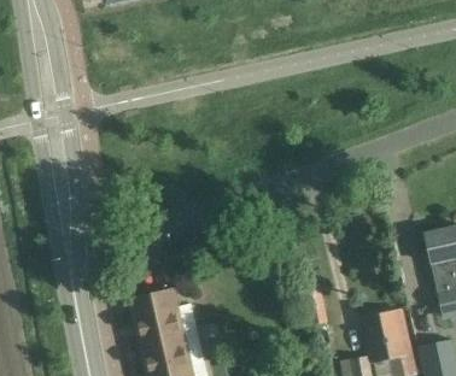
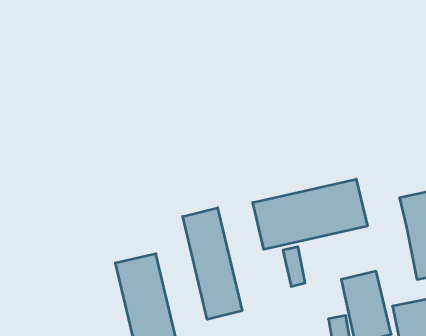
building: none -> [253,179,367,249]
building: none -> [183,208,242,319]

